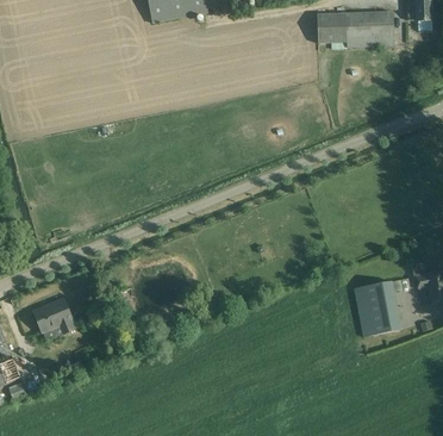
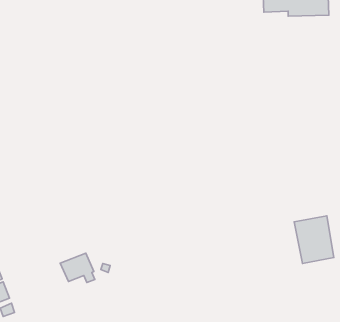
building: [33,298,74,332] -> [60,253,95,283]

